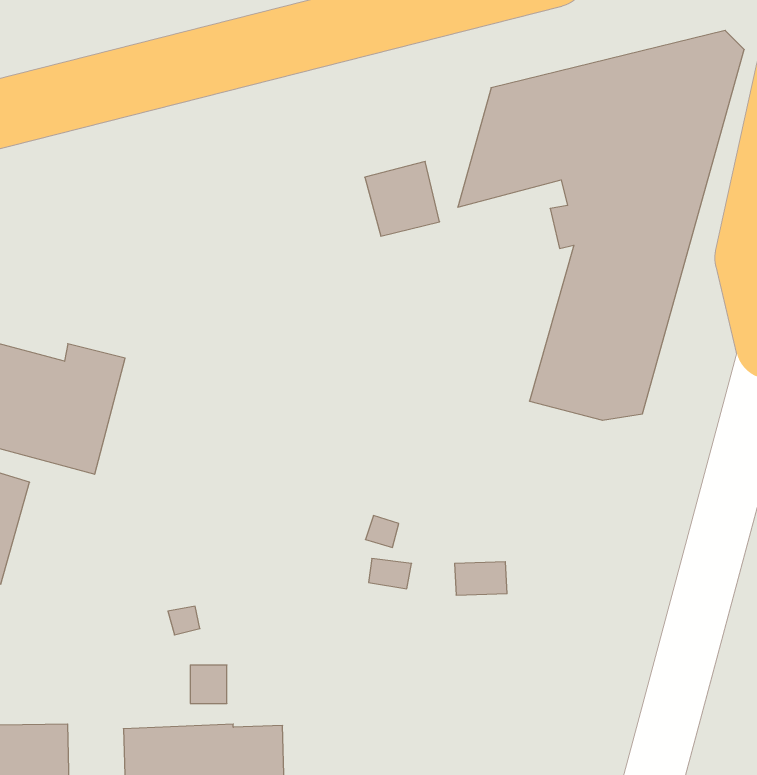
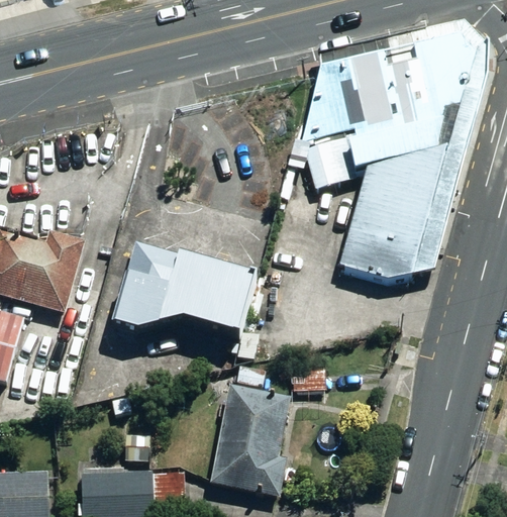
building: [365,161,440,236] -> [310,137,358,185]
building: none -> [113,241,258,335]
building: none -> [211,386,291,495]

